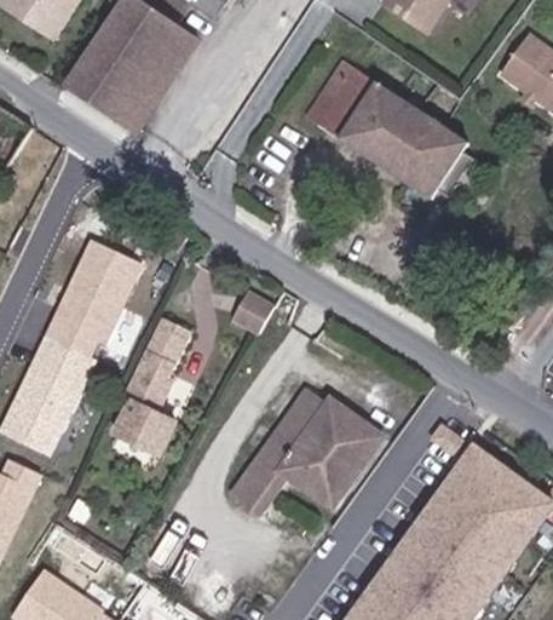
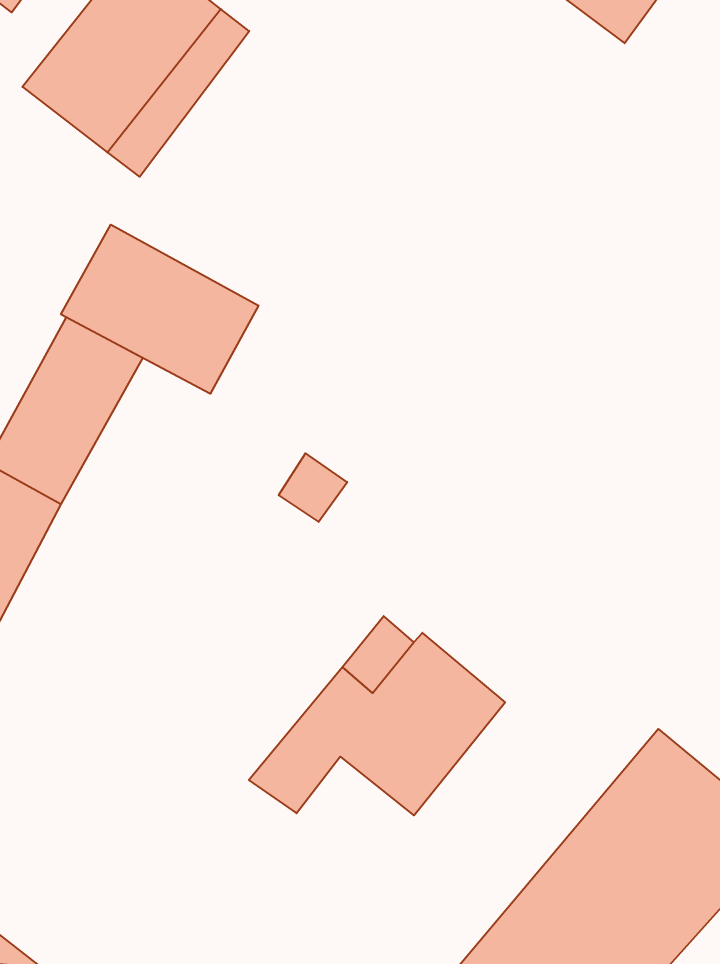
building: [305,58,484,197] -> none
building: none -> [61,225,258,394]
building: [114,318,186,455] -> none

